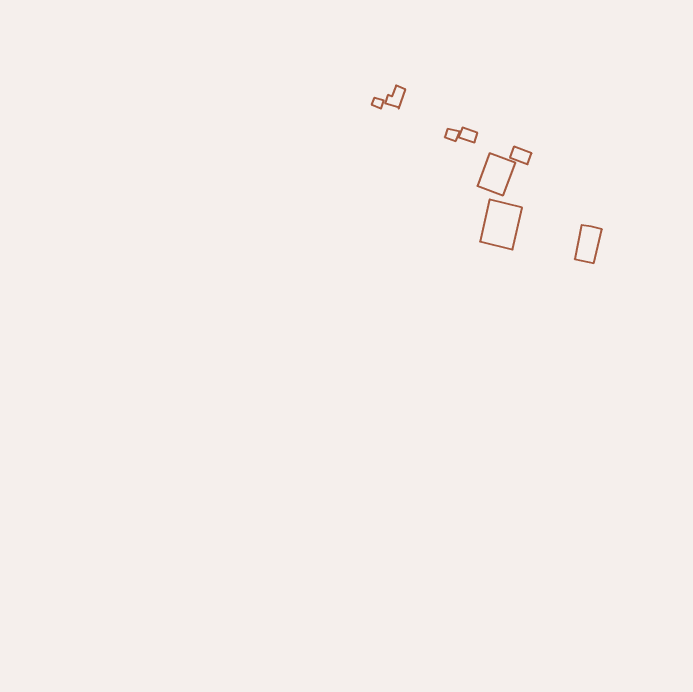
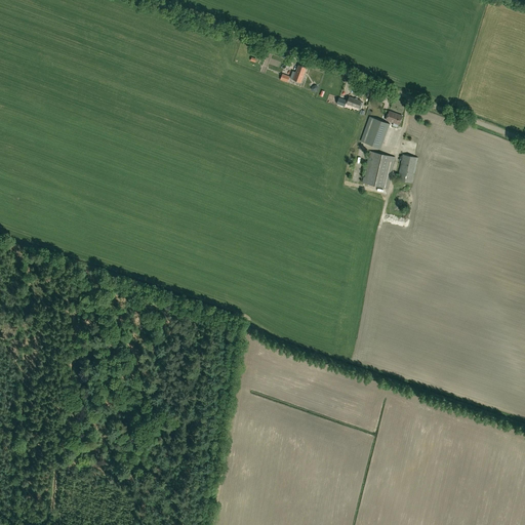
building: [575,225,602,263] -> [398,155,418,184]

